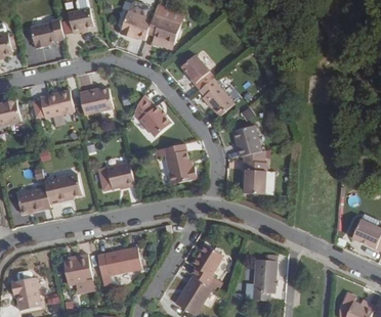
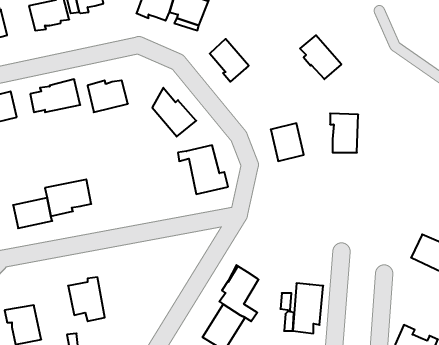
building: [200,79,235,116] -> [300,35,341,79]
building: [244,161,267,193] -> [330,113,358,153]
building: [97,162,135,190] -> none
building: [97,246,141,284] -> none

